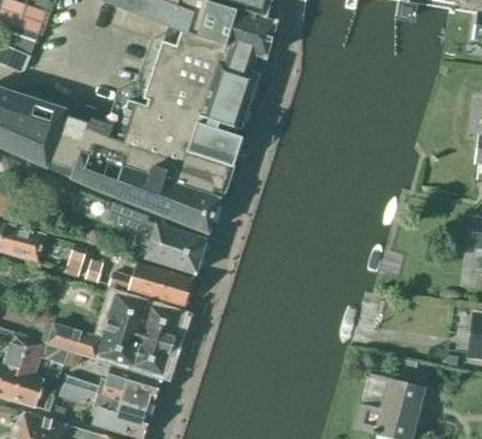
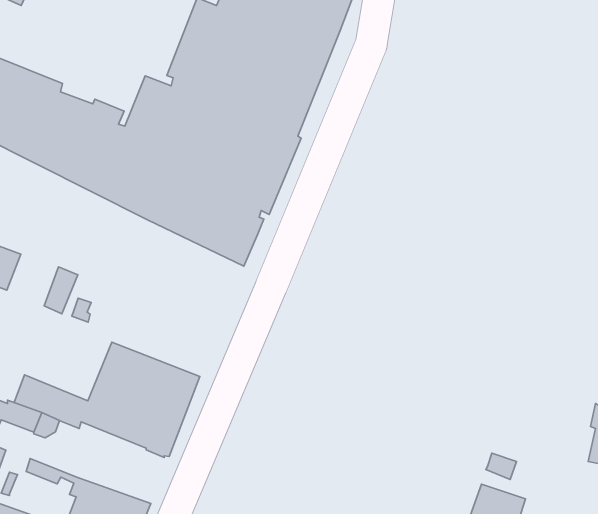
building: [106,202,207,275] -> none
building: [110,264,193,307] -> none
building: [97,366,161,410] -> none

